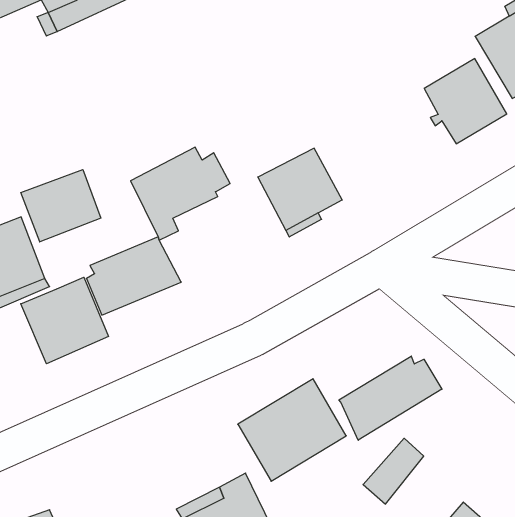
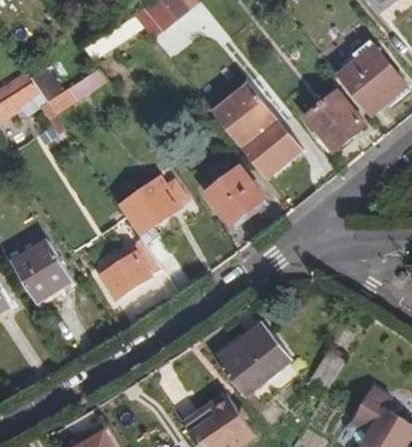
building: none -> [212,83,303,179]
building: [21,170,101,242] -> none
building: [21,277,108,364] -> none
building: [339,356,442,440] -> none

